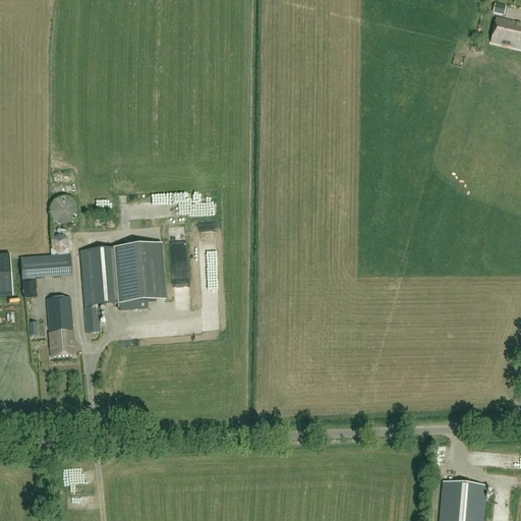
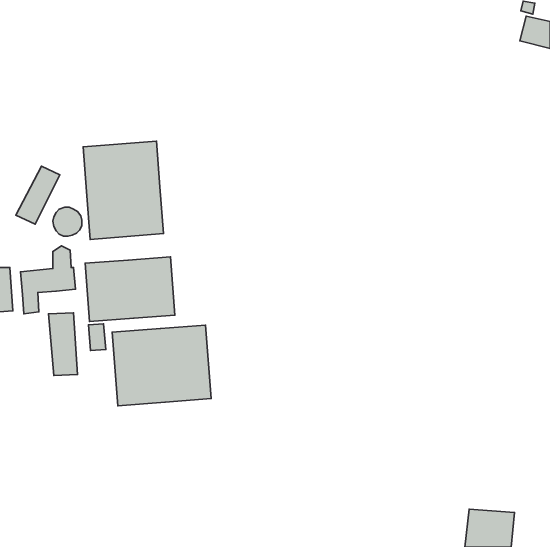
building: none -> [83,141,163,239]
building: none -> [16,166,60,224]
building: none -> [112,325,211,406]

